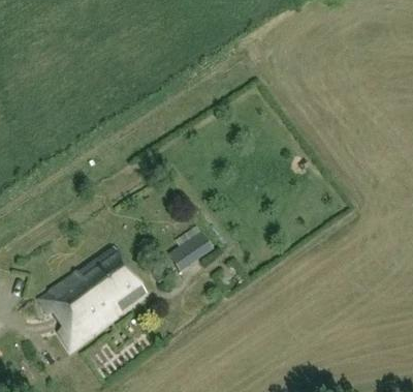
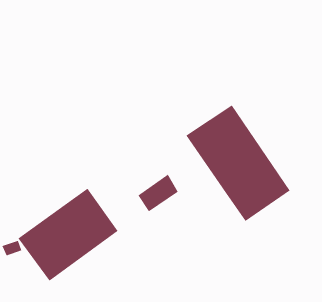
building: none -> [186,105,290,222]

